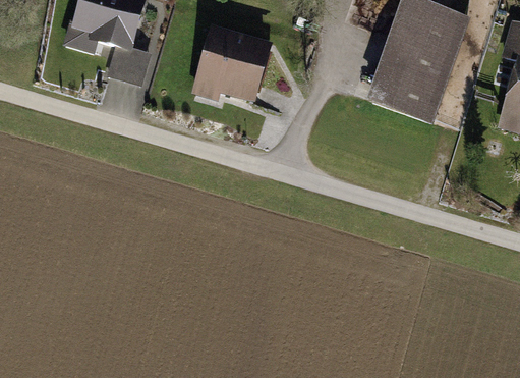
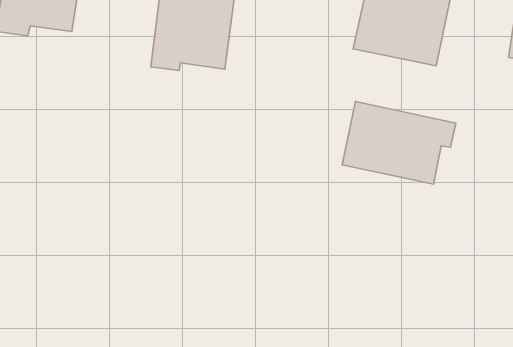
building: none -> [342,101,456,184]

